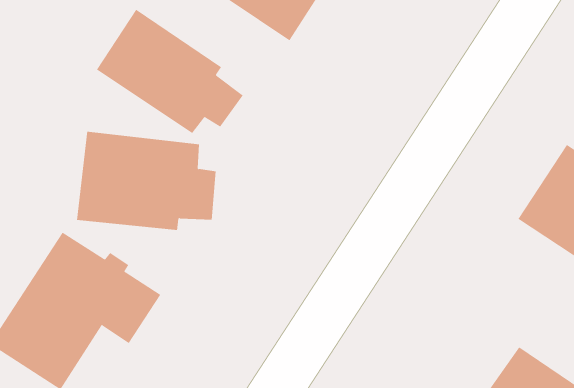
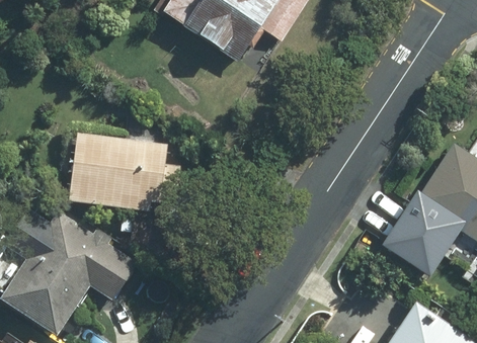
building: [96,9,244,134] -> none
building: none -> [383,200,445,268]

